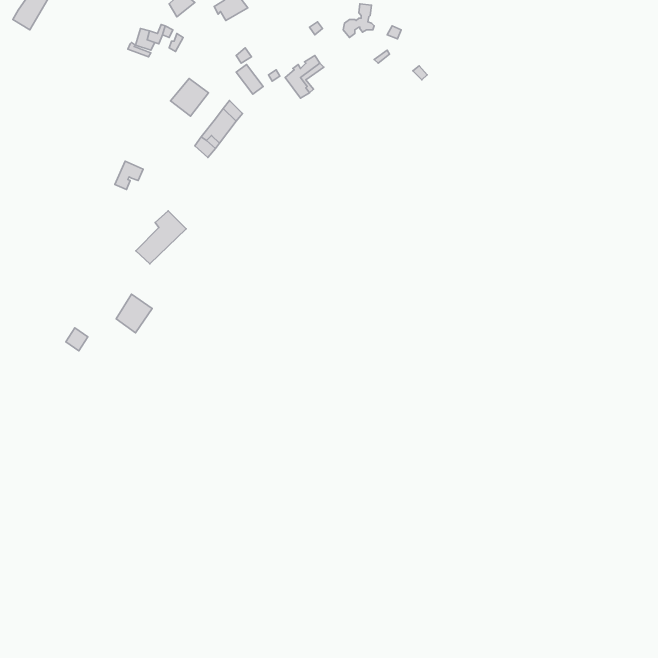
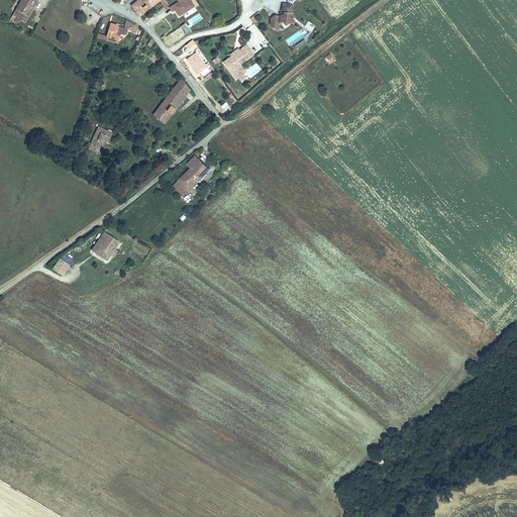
building: [171,79,209,116] -> none
building: [136,211,186,264] -> [171,156,210,197]

